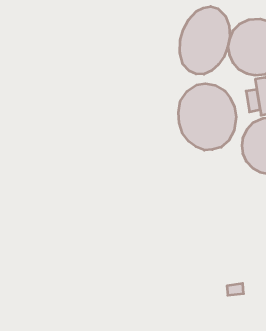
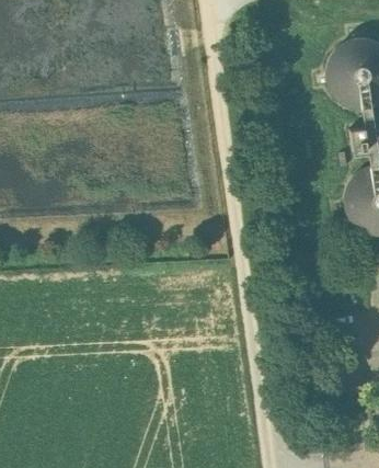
building: [180,6,230,74] -> none
building: [178,84,236,150] -> none

